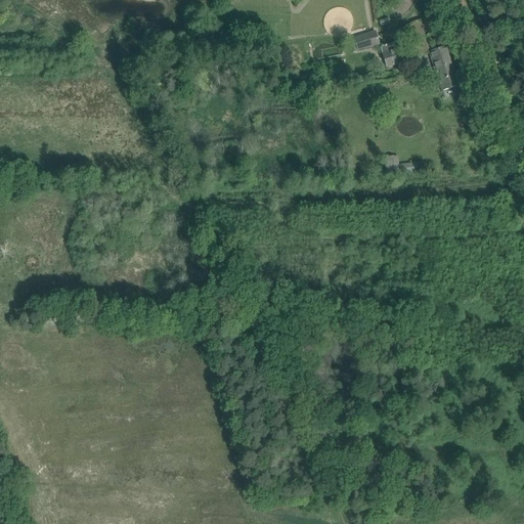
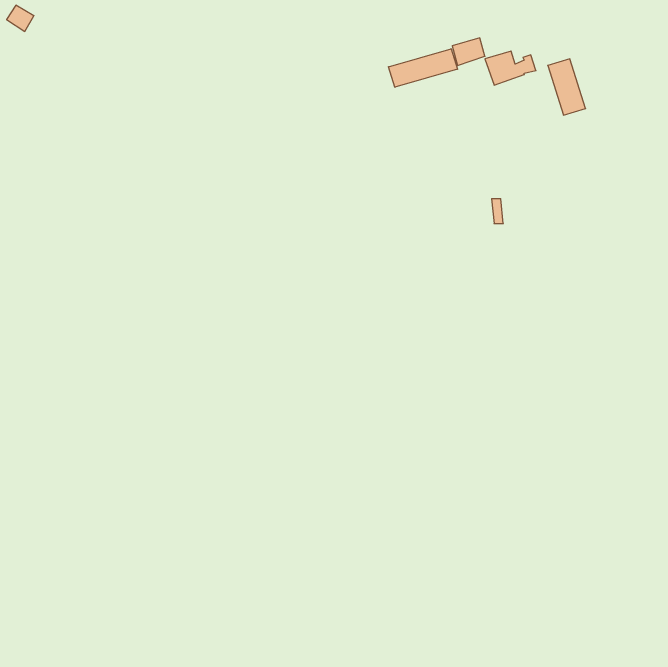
building: none -> [388,49,458,87]

